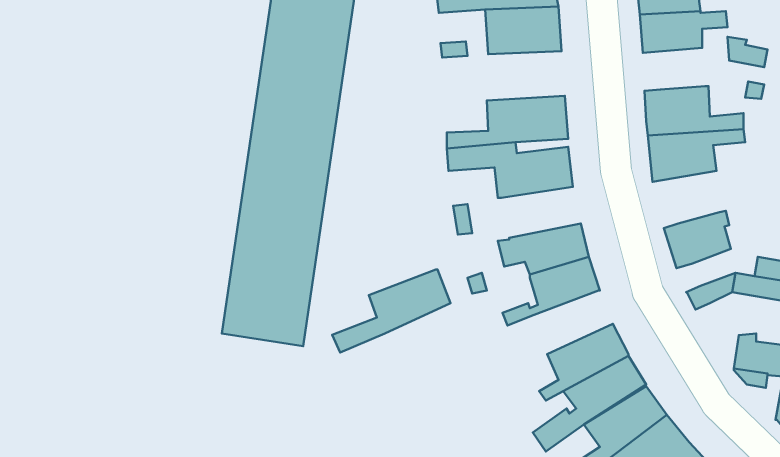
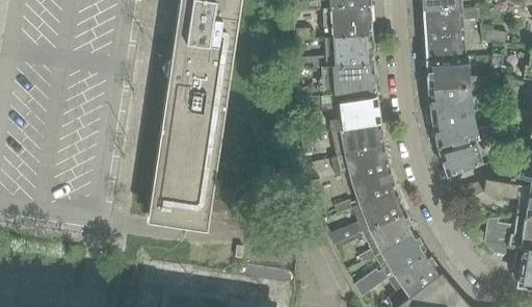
building: none -> [426,34,467,62]
building: none -> [296,36,375,71]
building: none -> [432,114,499,152]
building: none -> [334,125,385,158]
building: [332,270,450,353] -> [329,193,406,247]

